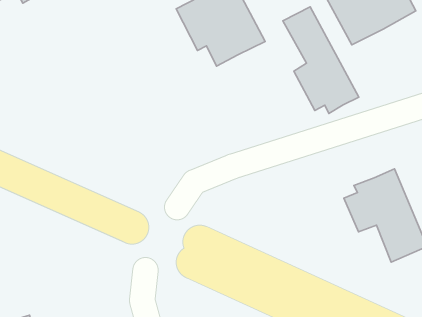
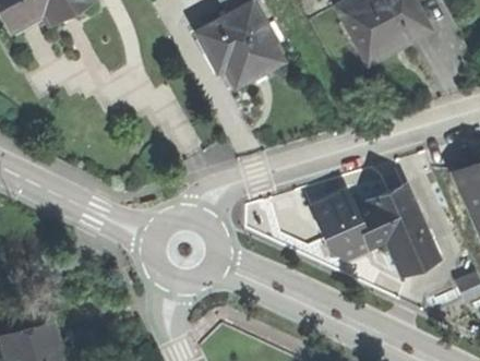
building: [283,7,359,113] -> none
building: none -> [312,191,374,258]

